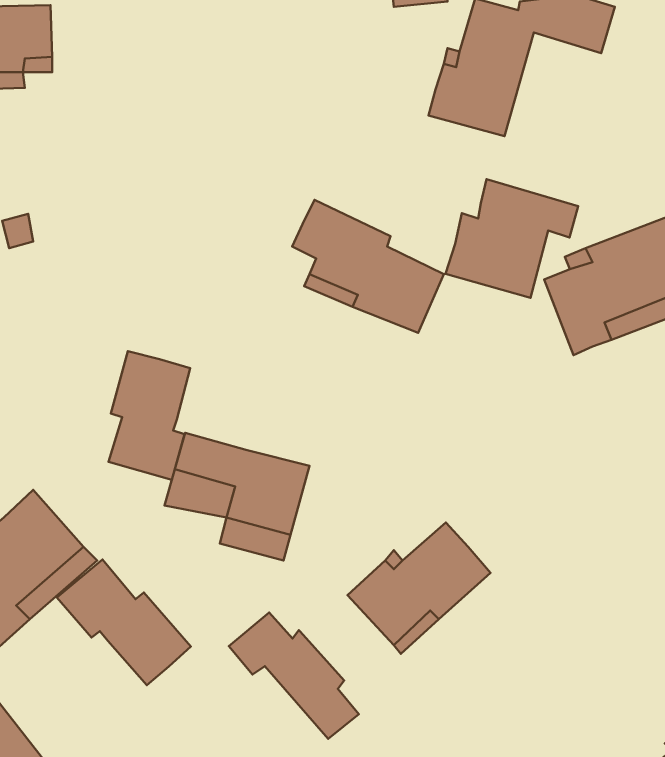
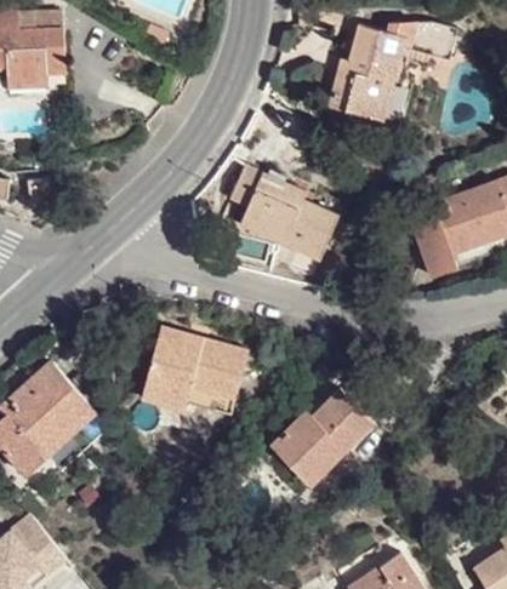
building: [445,179,578,298] -> none
building: [109,351,190,480] -> none
building: [57,559,191,685] -> none
building: [229,613,359,739] -> none

